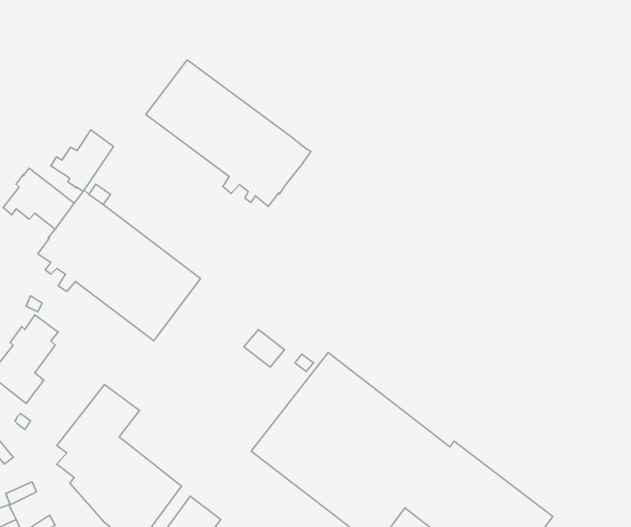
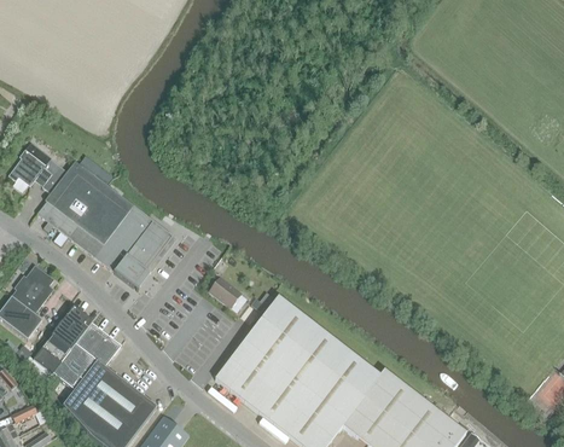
building: [146,60,311,206] -> none
building: [51,130,114,191] -> none
building: none -> [30,307,93,379]

